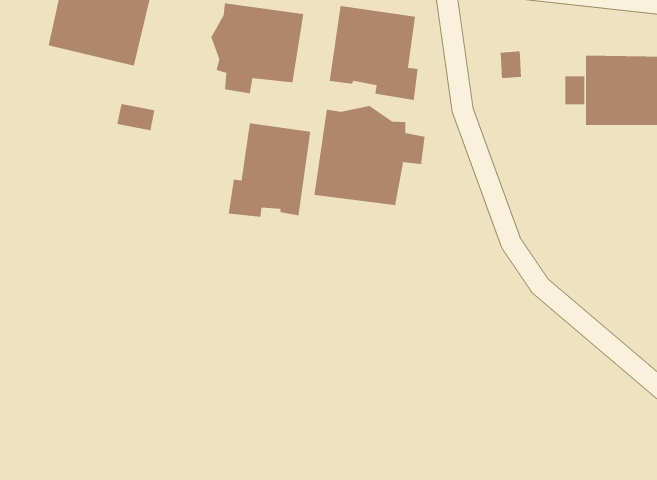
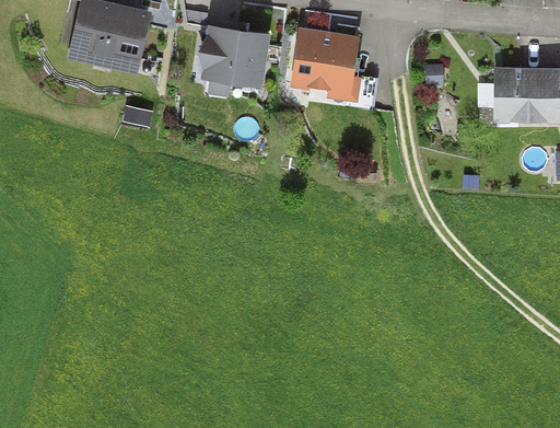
building: [314,105,425,206] -> none
building: [228,123,311,218] -> none

